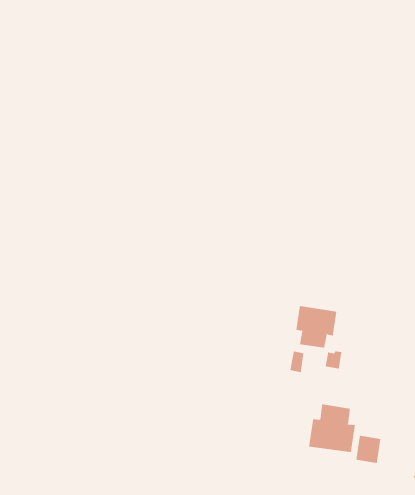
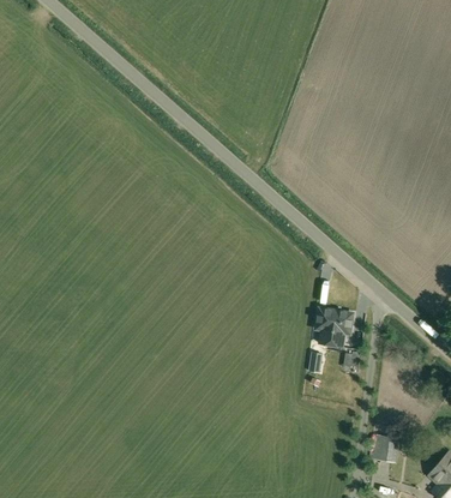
building: [309,404,355,453] -> none

